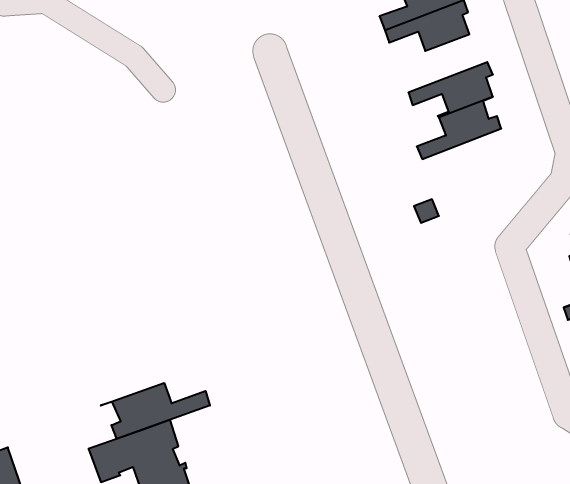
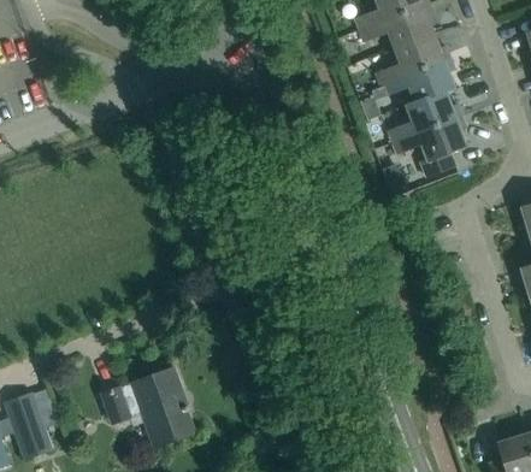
building: none -> [377,33,450,83]
building: none -> [394,114,467,176]
building: [101,383,210,439] -> none

